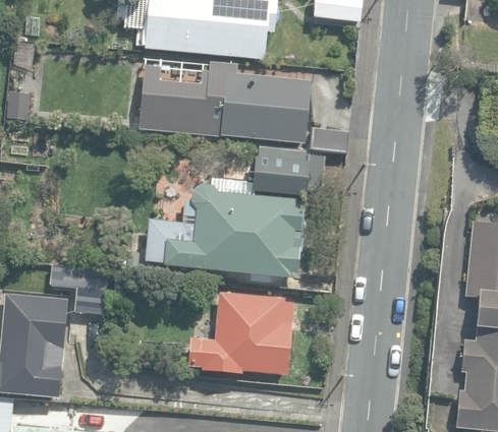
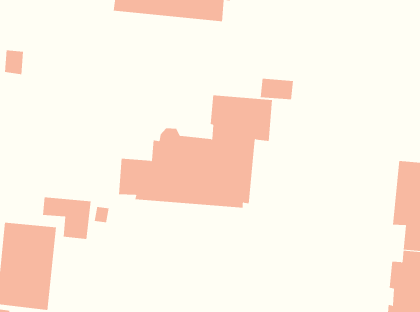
building: [140,62,309,143] -> none
building: [186,290,292,373] -> none

